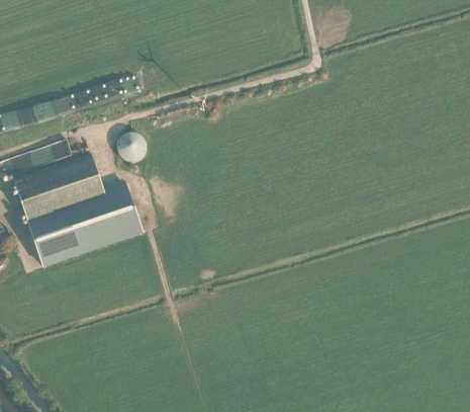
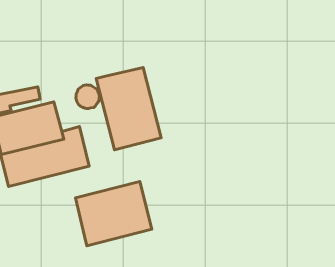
building: none -> [96,67,161,150]
building: none -> [76,181,152,246]

